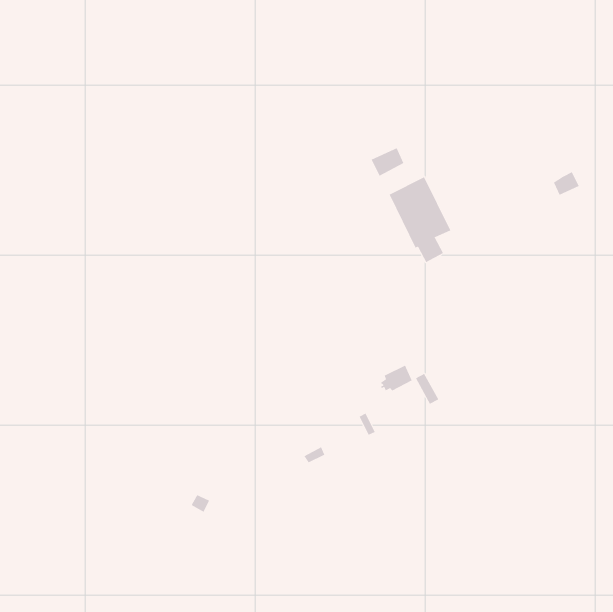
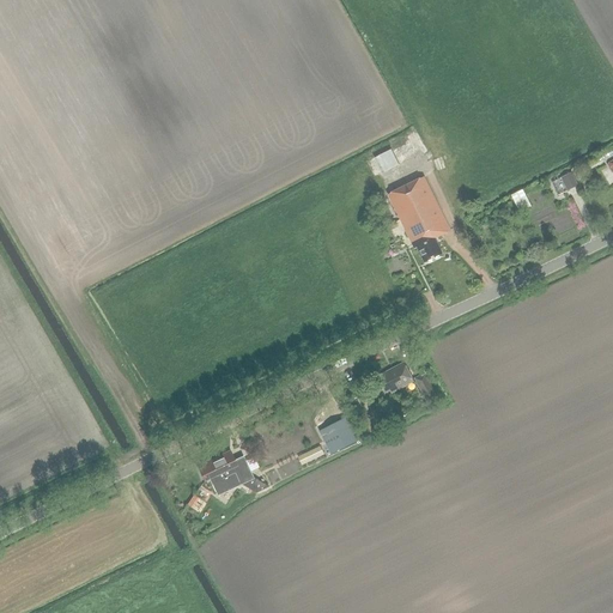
building: none -> [320,415,359,454]
building: none -> [200,451,253,493]

